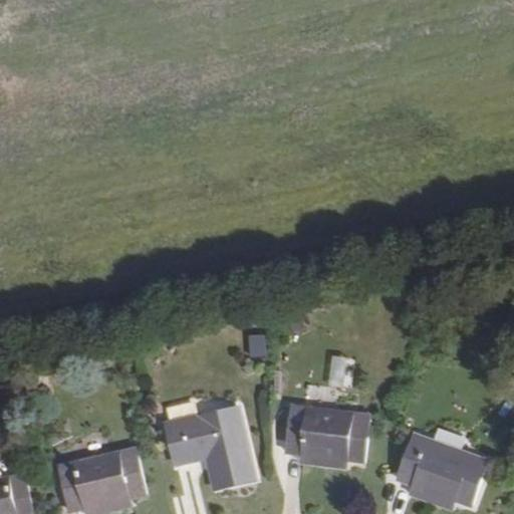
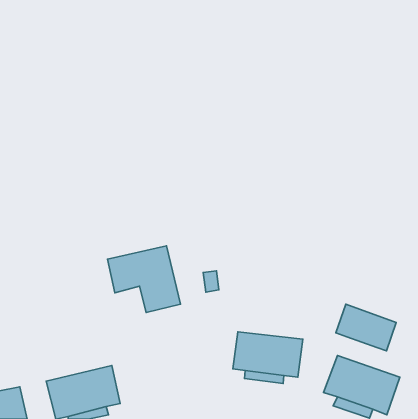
building: none -> [336,304,396,351]
building: [166,407,255,488] -> [107,246,181,313]

